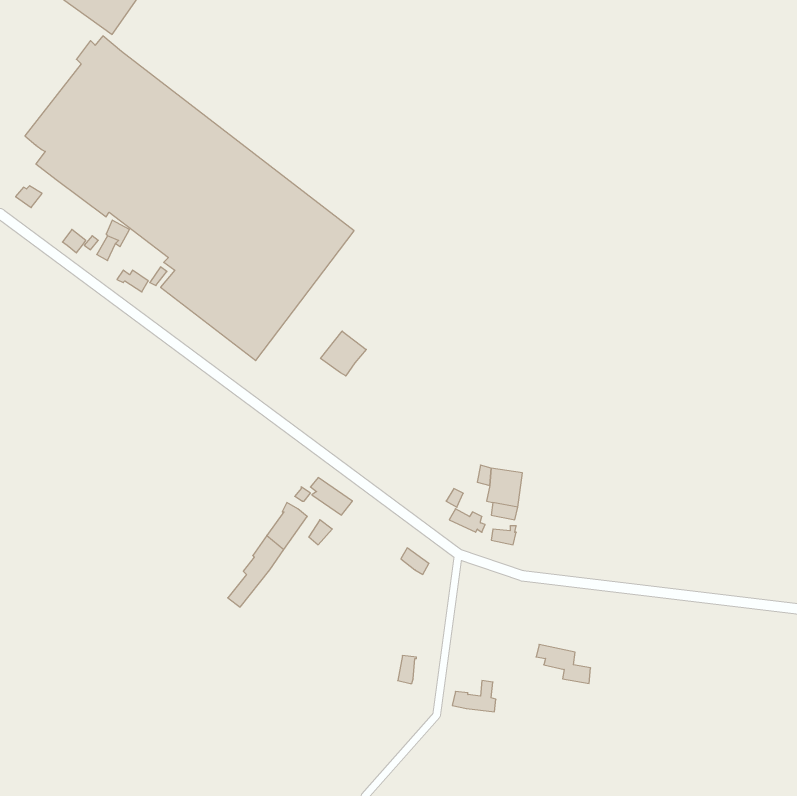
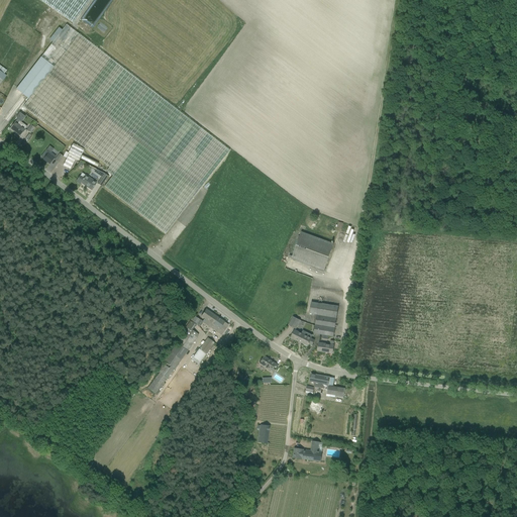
building: [321,331,366,376] -> none
building: none -> [289,230,334,270]
building: [536,644,591,683] -> [309,373,344,398]

